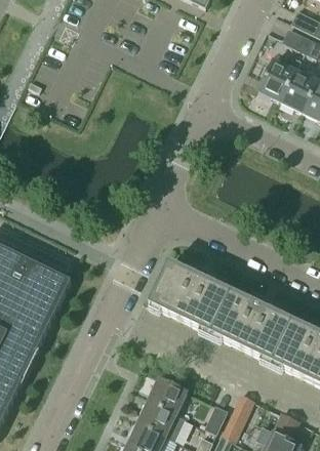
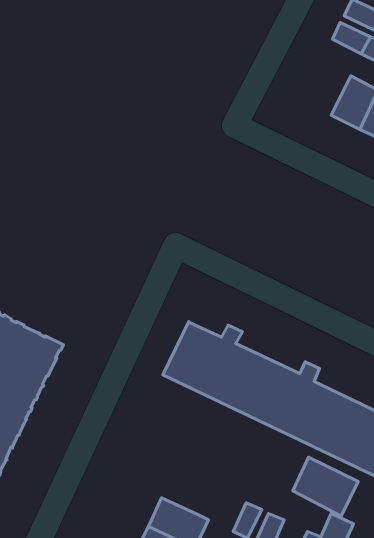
building: [258,54,299,99] -> none
building: none -> [293,457,358,516]
building: [148,377,187,413] -> none

